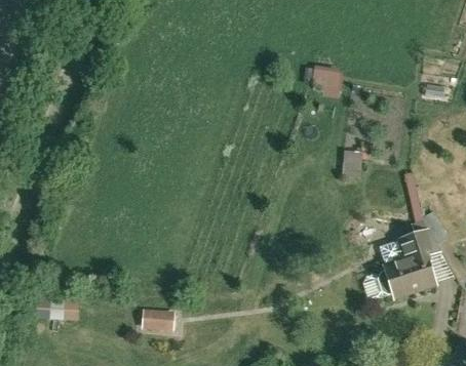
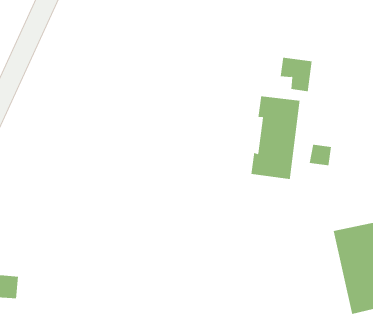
building: none -> [251,96,300,180]
building: [146,309,180,331] -> none

